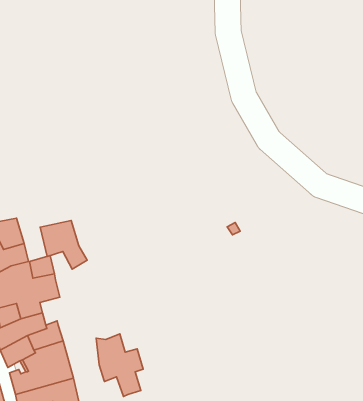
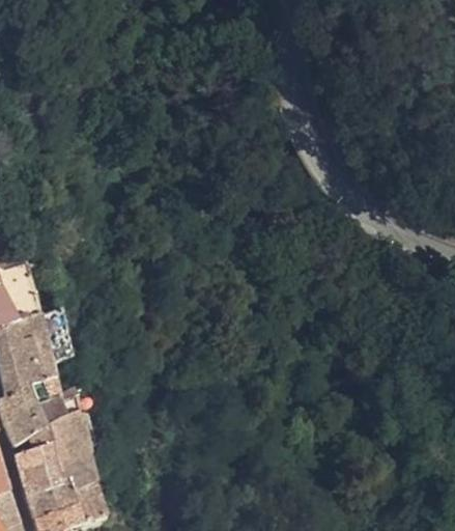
building: [40,221,87,269] -> none
building: [96,334,143,397] -> none

